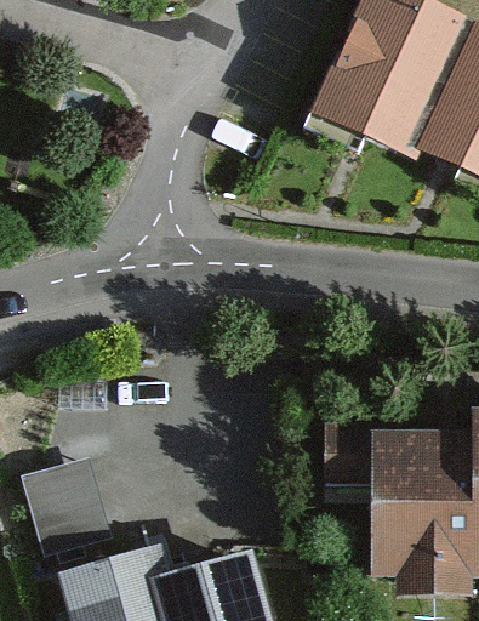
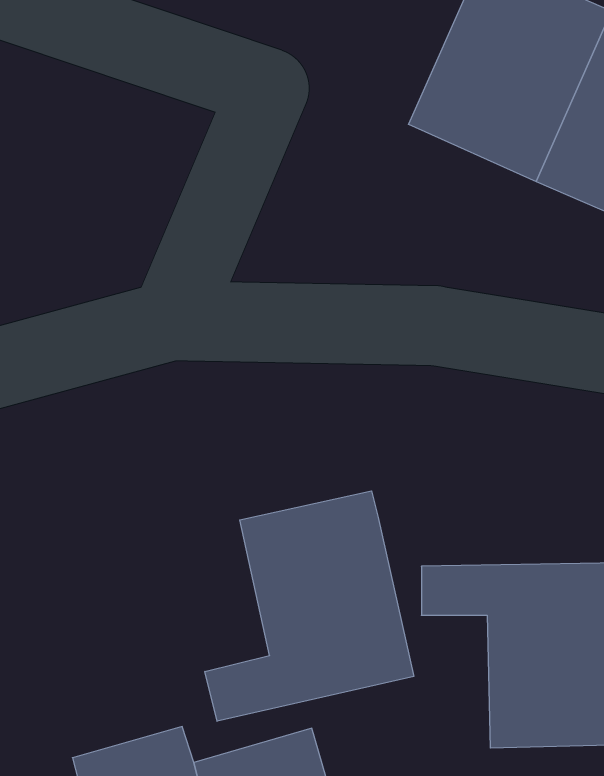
building: none -> [205,491,414,721]
building: [25,449,116,557] -> none

